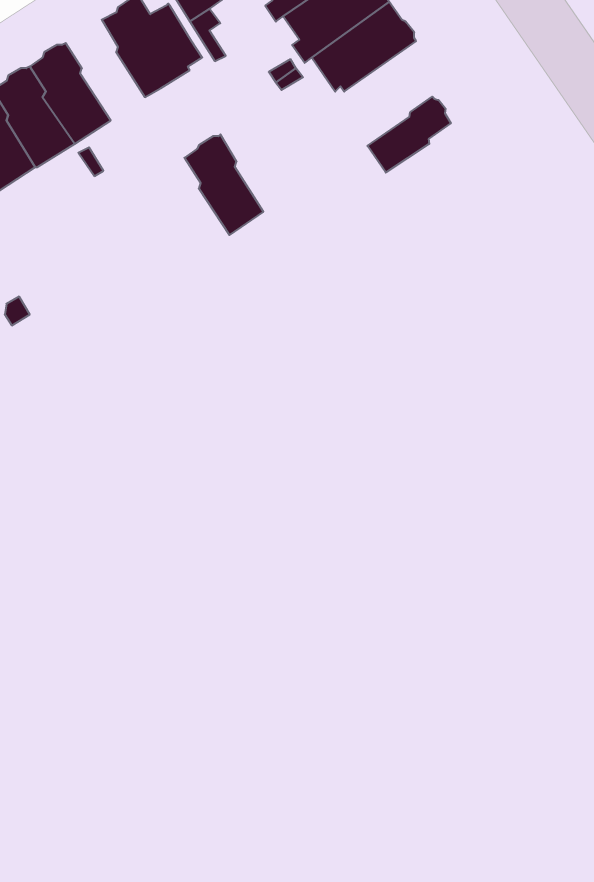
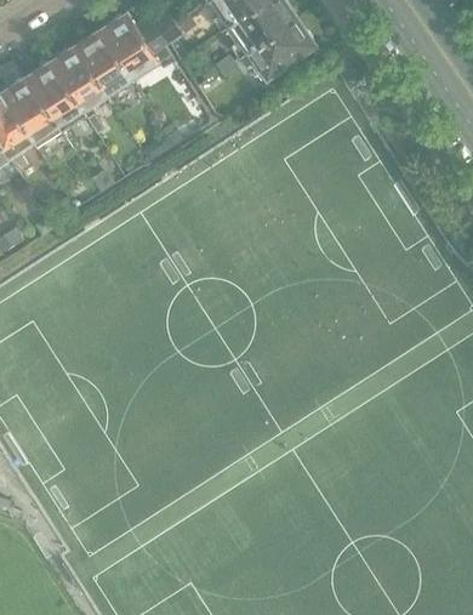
building: [367,97,451,173] -> none
building: [184,134,263,235] -> [74,29,127,97]

